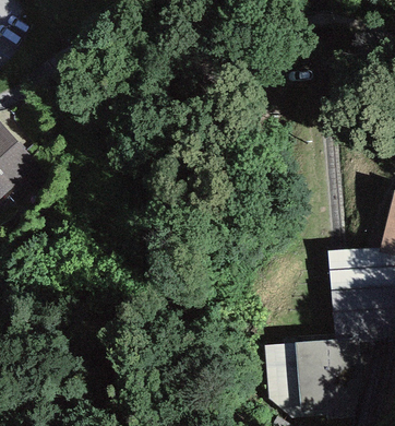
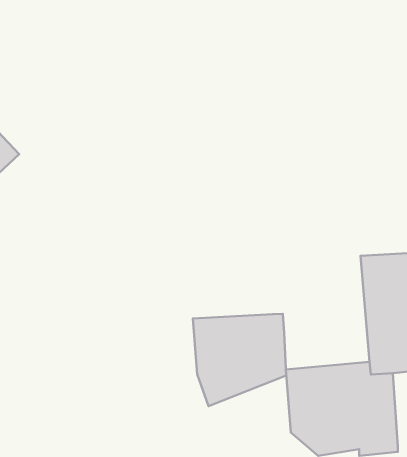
building: none -> [193,314,286,406]

